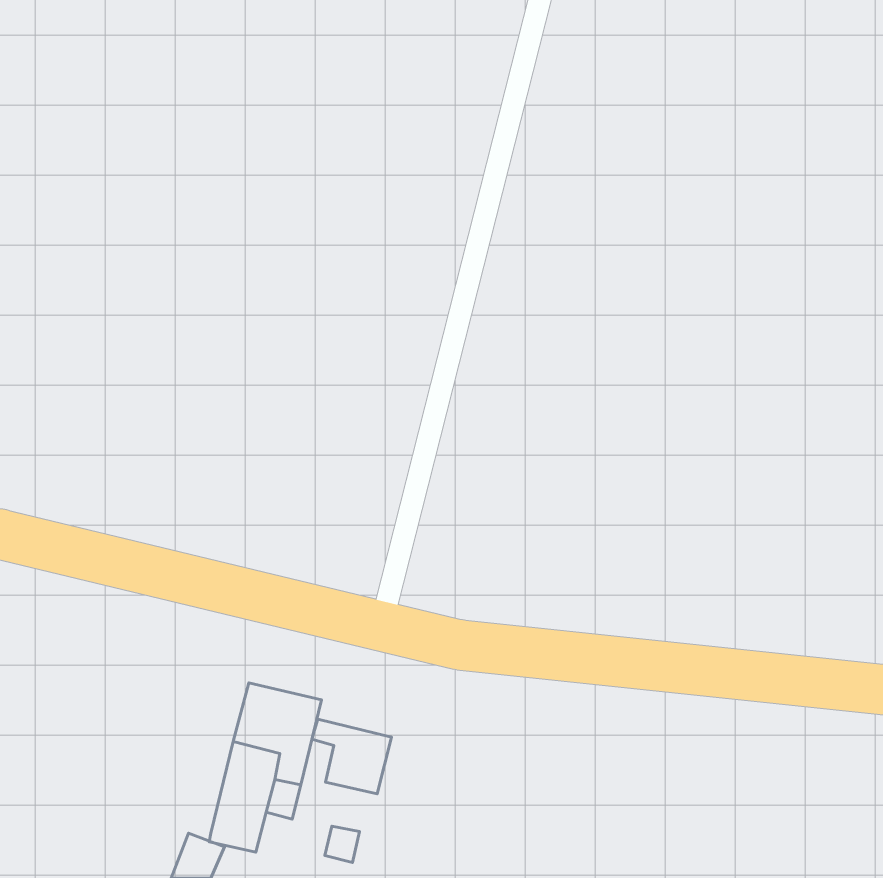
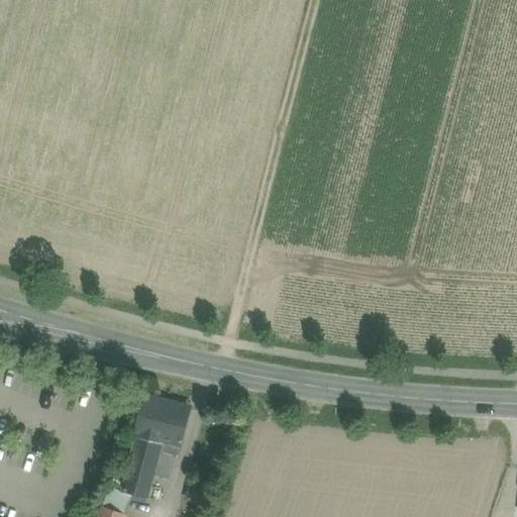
building: [312,719,391,794] -> none

